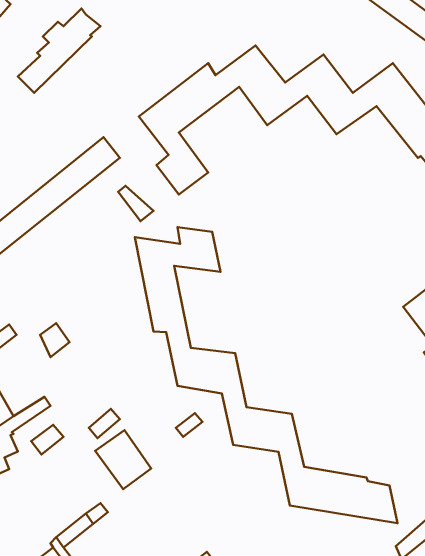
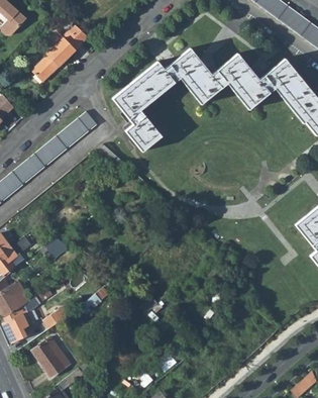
building: [135,227,398,523] -> none
building: [95,430,151,489] -> [31,336,70,377]

